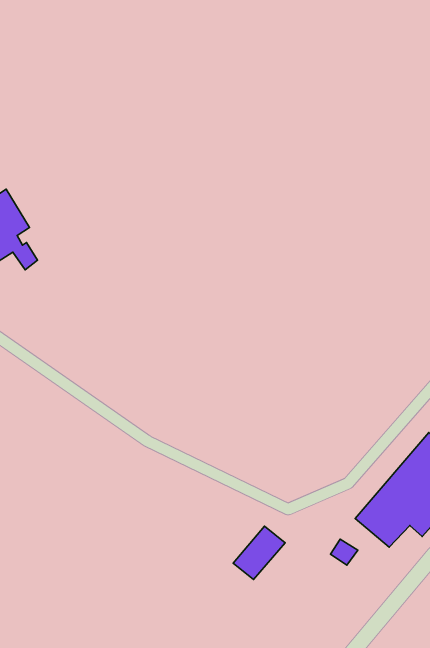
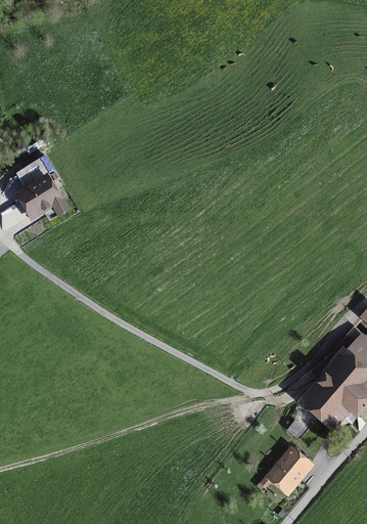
building: [233,526,285,580] -> [268,449,307,489]

